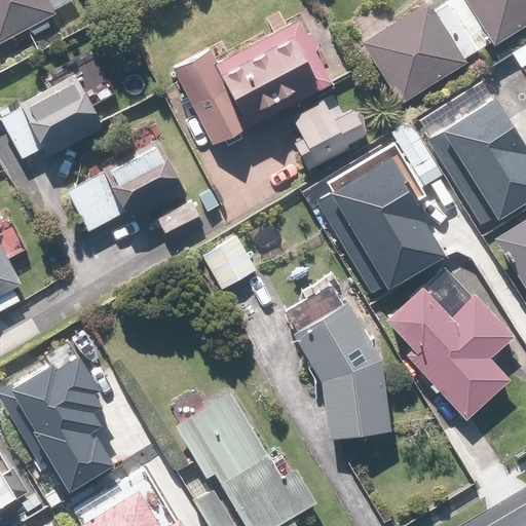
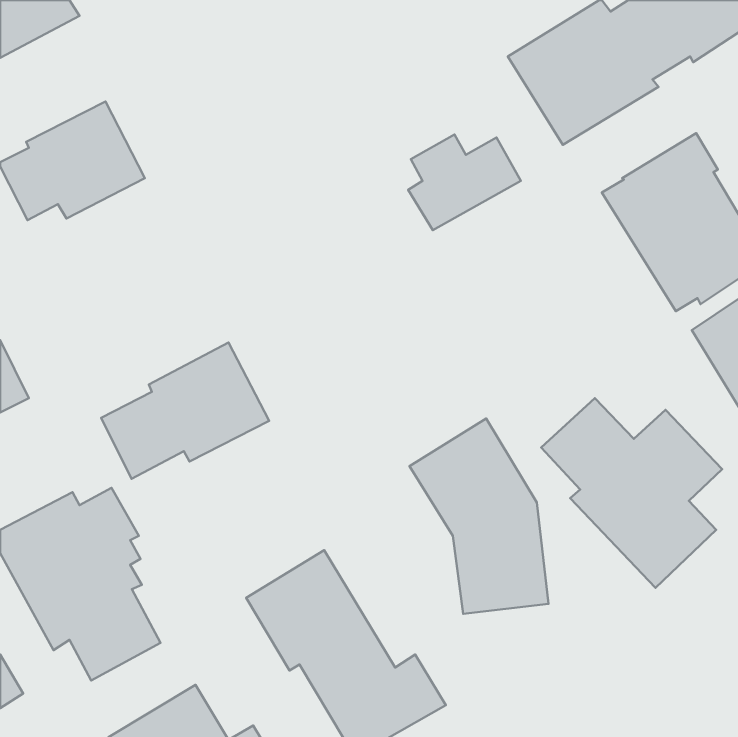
building: [172,22,332,146] -> none
building: [68,137,187,233] -> [101,343,269,479]
building: [318,152,444,288] -> none
building: [203,236,257,289] -> none

